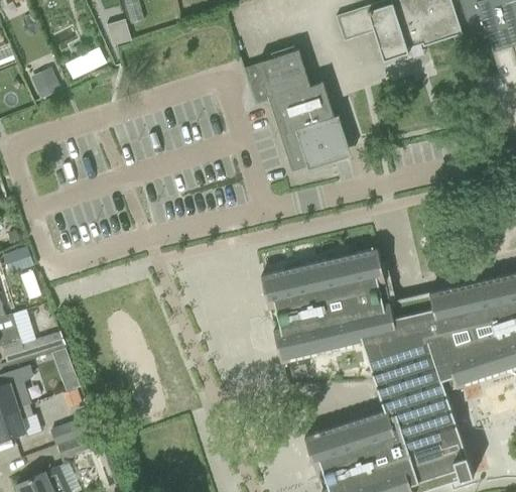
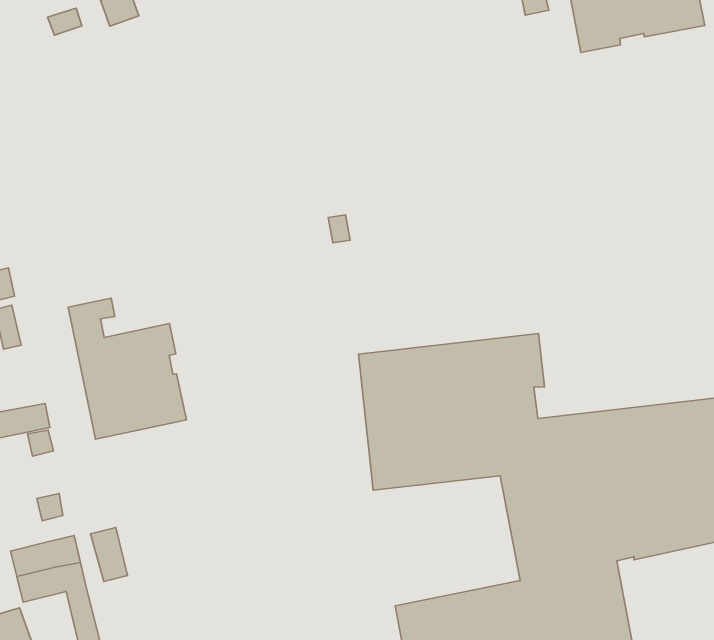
building: [239,50,351,170] -> none
building: none -> [68,298,187,439]
building: none -> [91,527,128,581]

